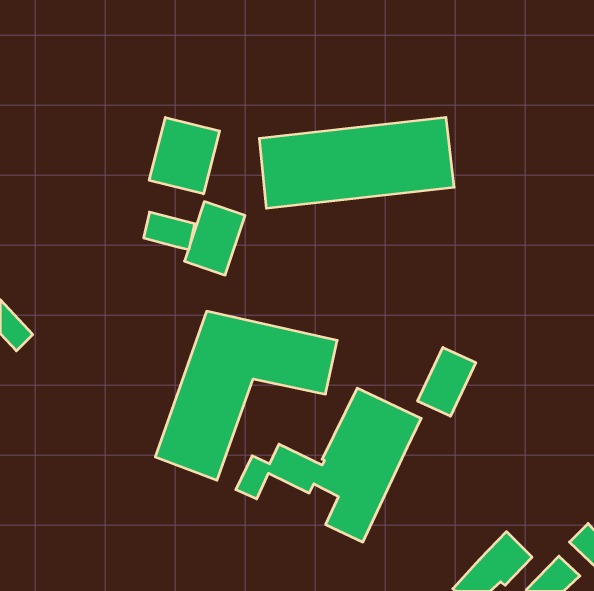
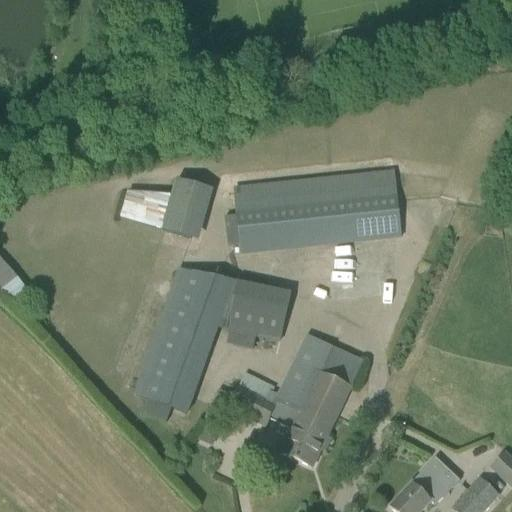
building: [259,117,454,208] -> [234,174,401,252]
building: [149,117,220,194] -> none
building: [418,347,476,416] -> none

